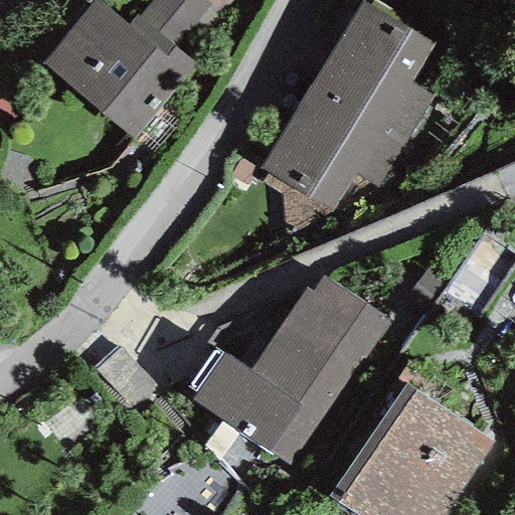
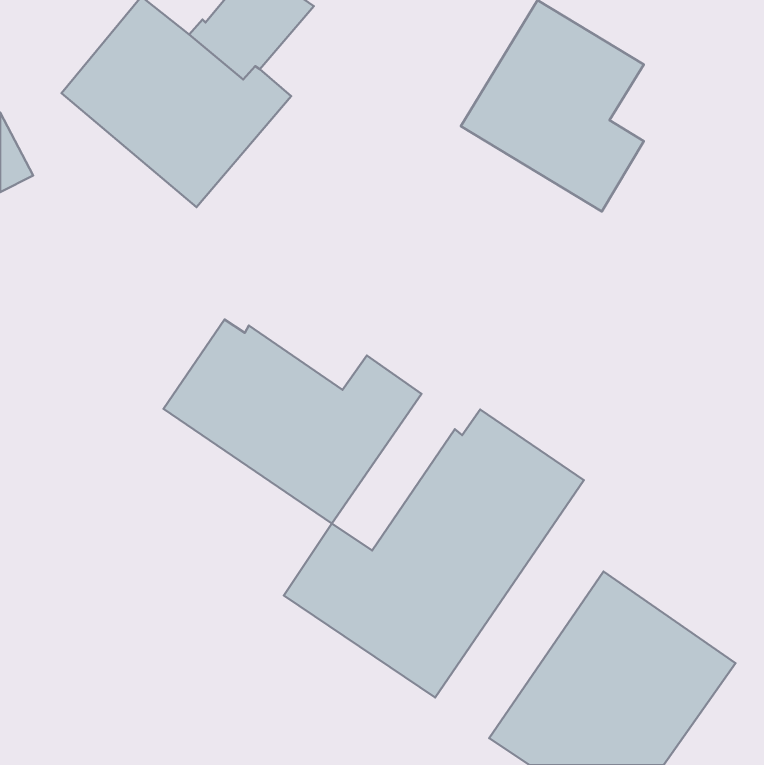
building: [261,84,405,211] -> none
building: none -> [163,319,421,524]

